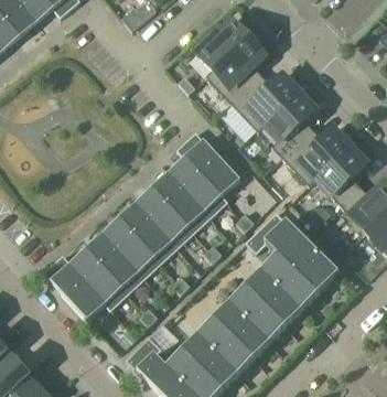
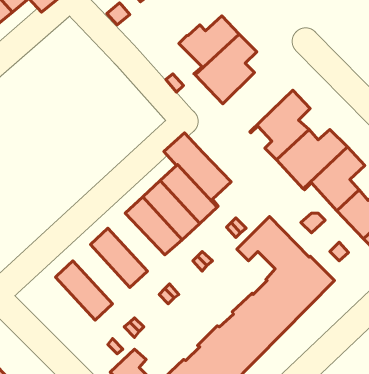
building: [230,73,297,129] -> none
building: [121,206,175,261] -> none
building: [88,236,142,292] -> none
building: [42,253,109,319] -> none

